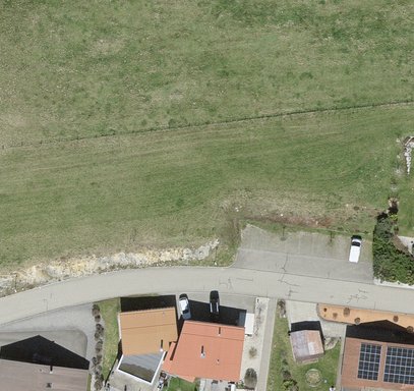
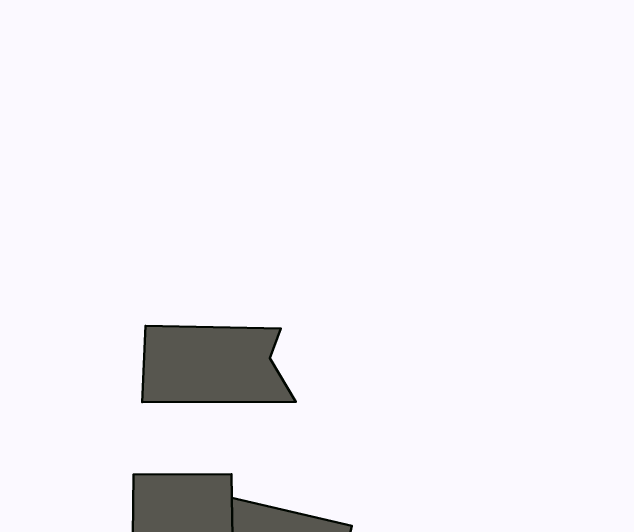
building: none -> [142,326,296,402]

